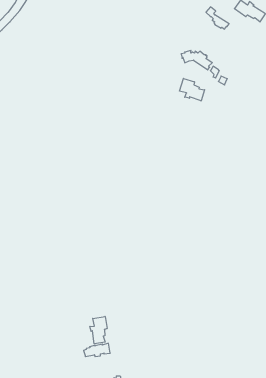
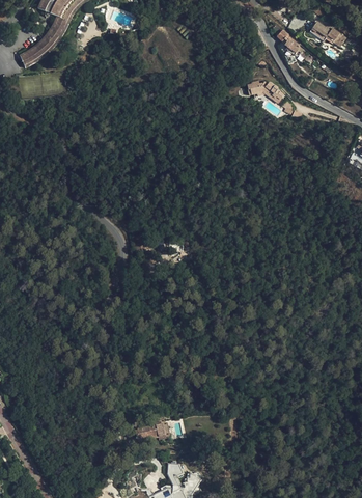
building: [180,78,205,101] -> none
building: [90,316,107,344] -> none

